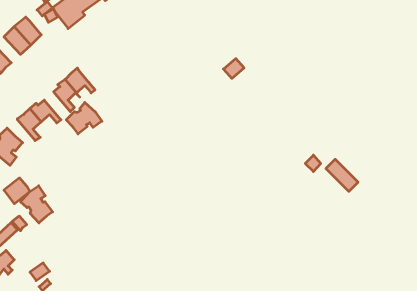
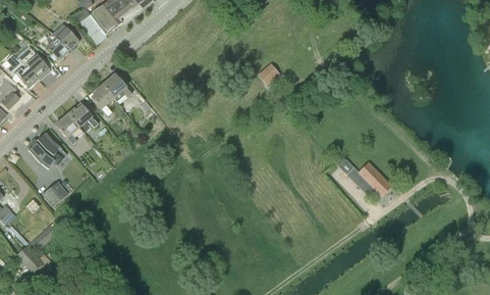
building: [66,102,102,134] -> none
building: [21,186,53,223] -> none

